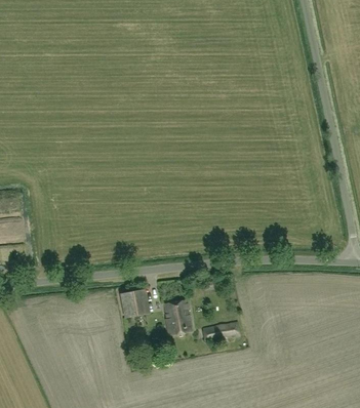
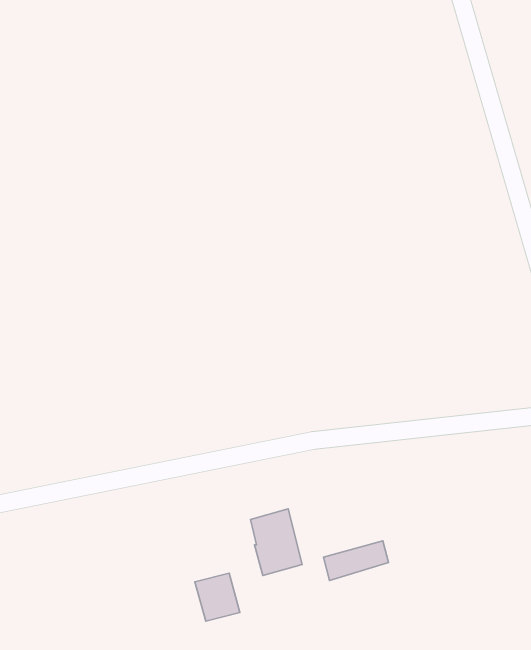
building: [122,291,146,317] -> [195,573,240,621]

